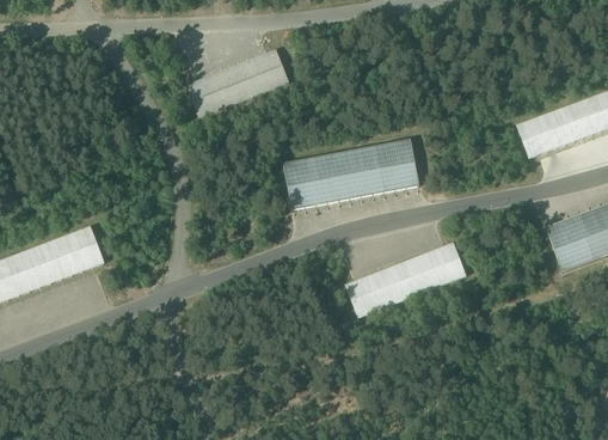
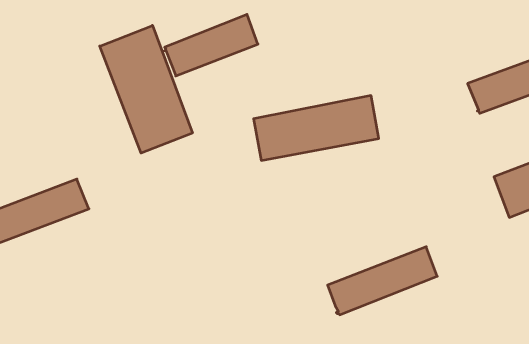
building: none -> [100,25,192,153]
building: [345,243,465,317] -> [328,247,437,315]

